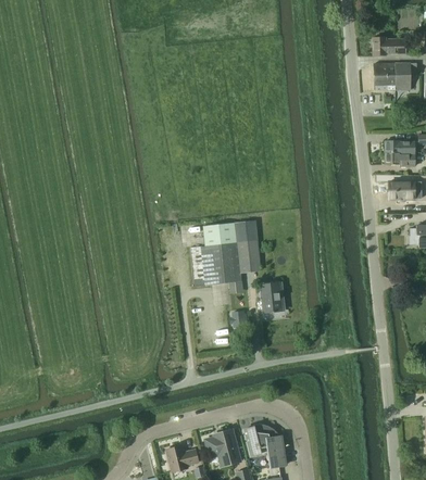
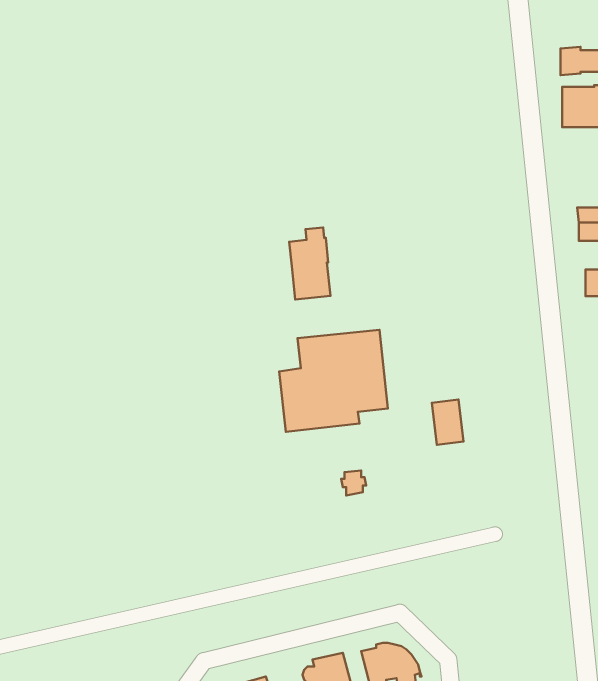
building: none -> [289,227,330,300]
building: [261,282,281,312] -> [432,400,464,445]

